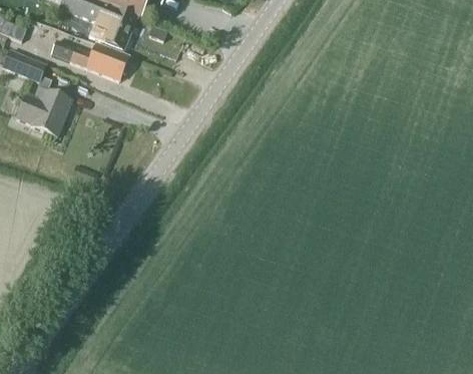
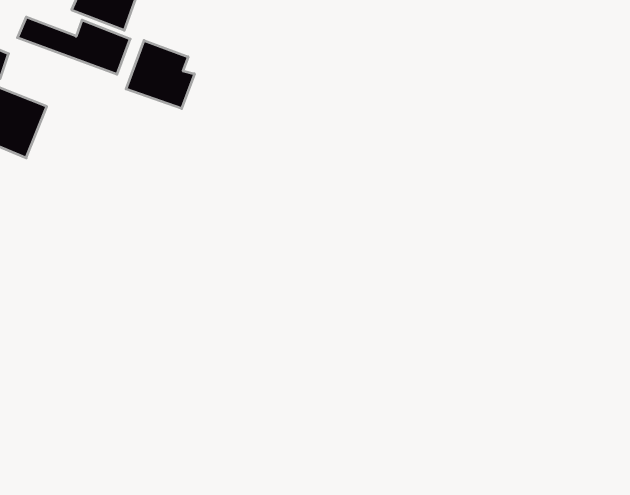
building: none -> [126,40,194,109]

